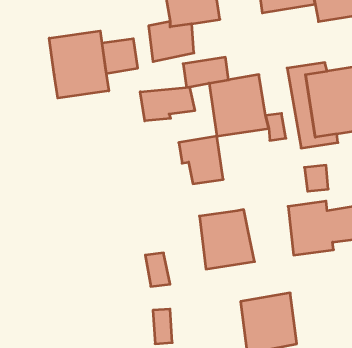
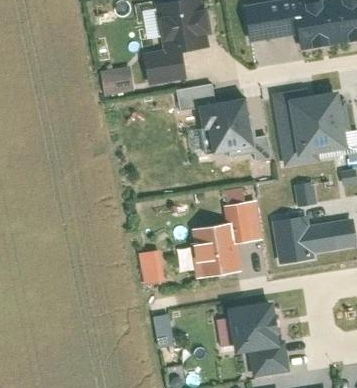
building: [49,31,109,98] -> none
building: [140,87,195,121] -> none
building: [179,136,223,184] -> [224,199,265,243]

